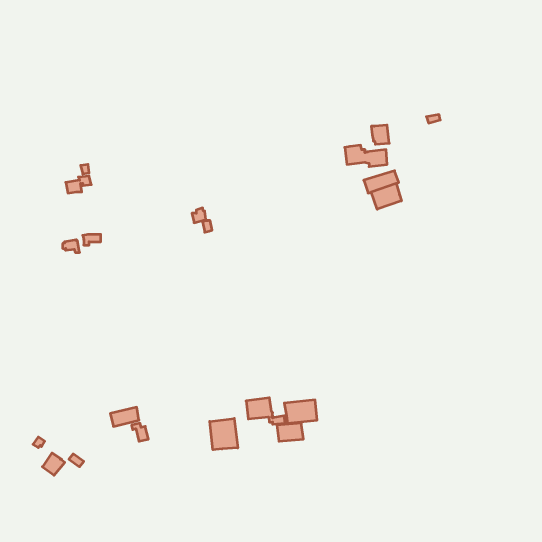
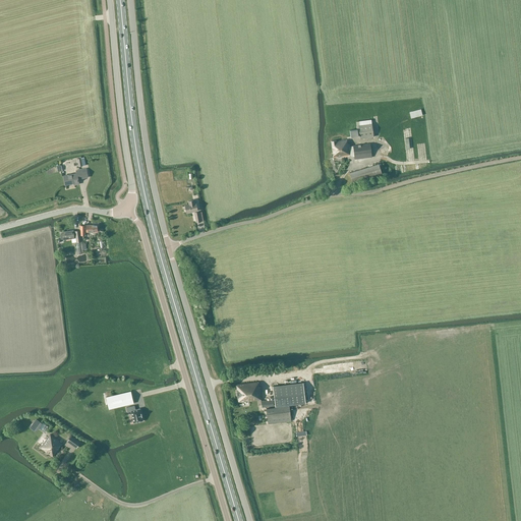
building: [371,183,401,209] -> none
building: [210,418,238,450] -> none

